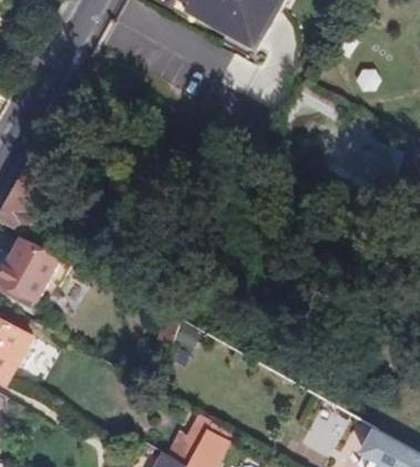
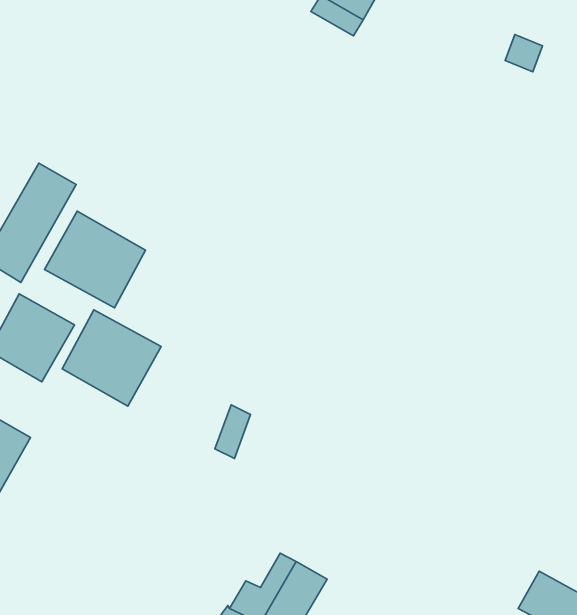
building: none -> [44,211,146,308]
building: none -> [62,310,161,406]

